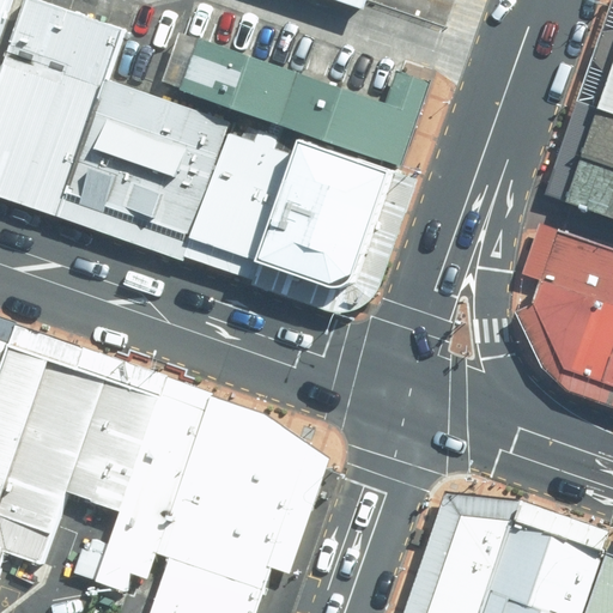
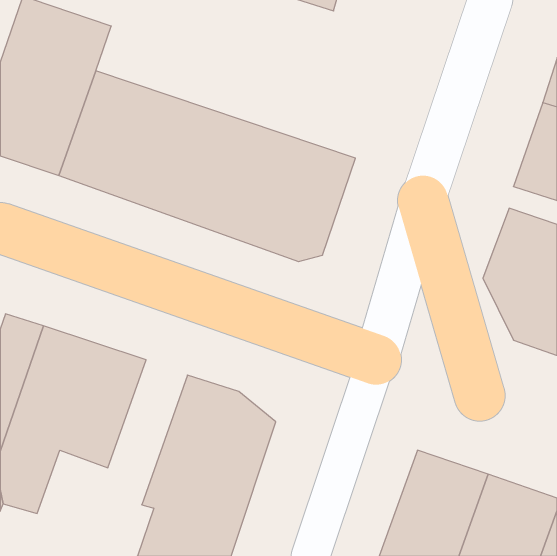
building: [180,40,430,168] -> none
building: [93,395,206,594] -> none

